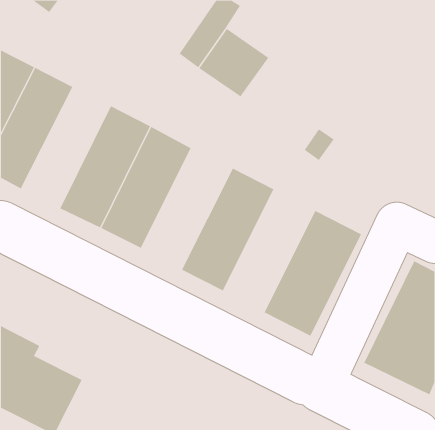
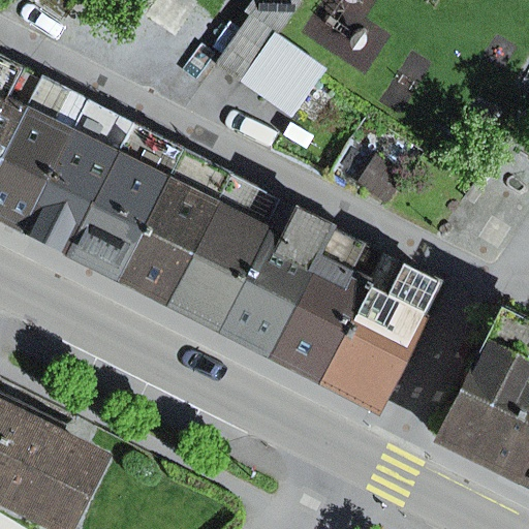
building: none -> [26,112,134,259]
building: none -> [172,186,282,334]
building: none -> [271,236,382,385]

